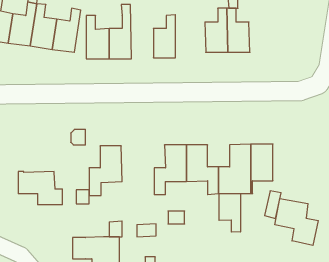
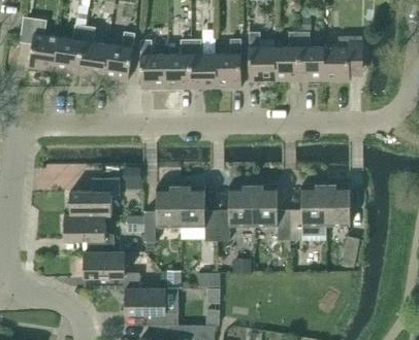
building: none -> [191,27,217,88]
building: none -> [250,32,276,80]
building: none -> [324,36,363,80]
building: none -> [70,177,120,215]
building: none -> [181,185,218,240]
building: [219,194,240,232] -> none
building: [275,199,318,245] -> none
building: none -> [85,251,140,288]

